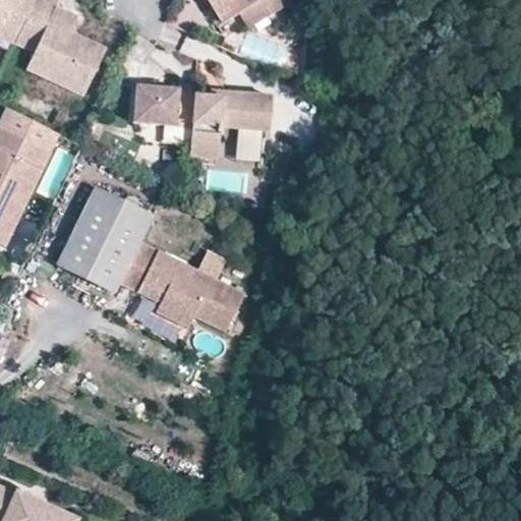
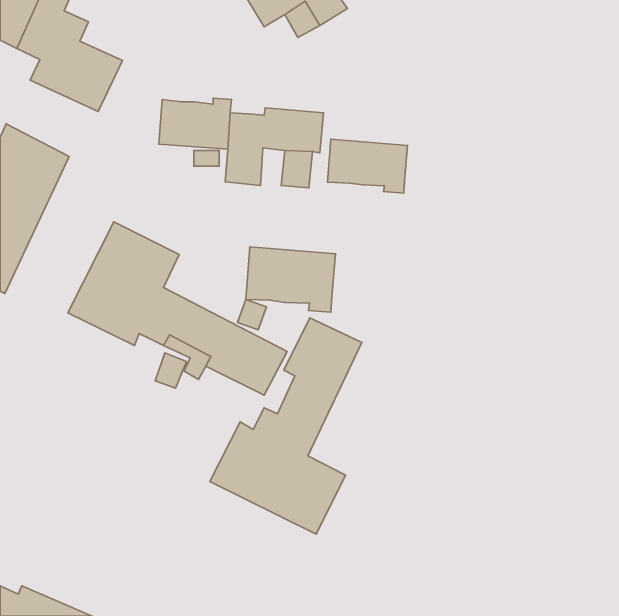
building: none -> [328,139,408,193]
building: none -> [246,247,336,312]
building: none -> [210,318,362,534]

